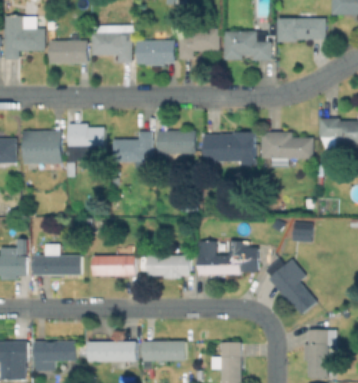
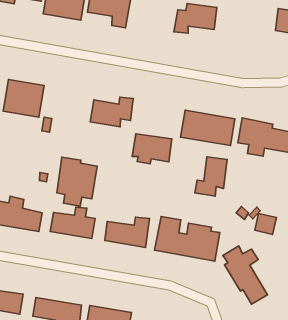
building: [225,32,271,60] -> none
building: [136,40,174,65] -> none
building: [68,124,104,169] -> [57,157,97,206]
building: [158,130,195,158] -> [132,134,172,164]
building: none -> [195,157,227,196]

